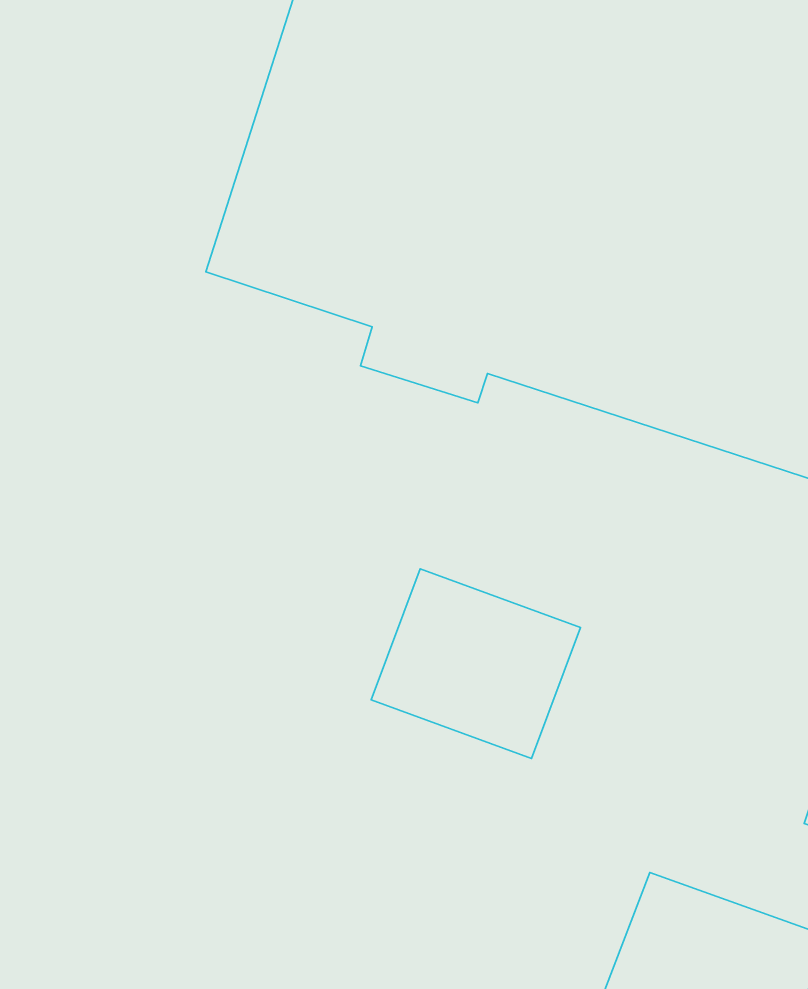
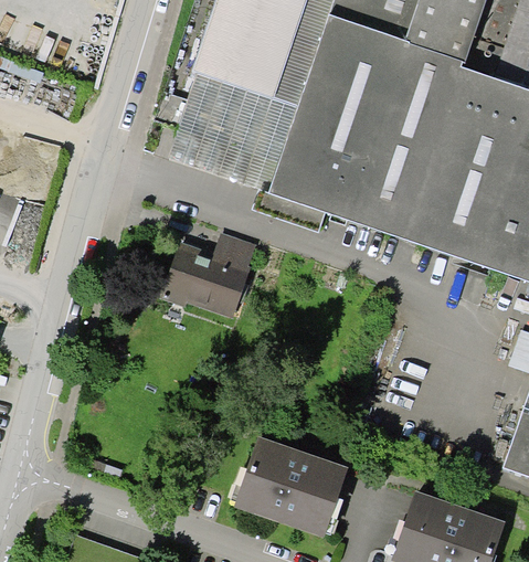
building: none -> [162,230,256,314]
building: [371,569,580,759] -> [233,439,351,547]

